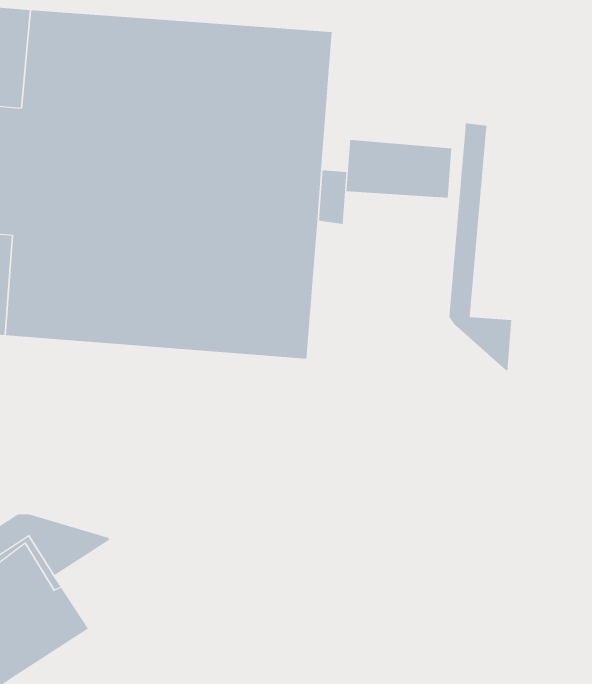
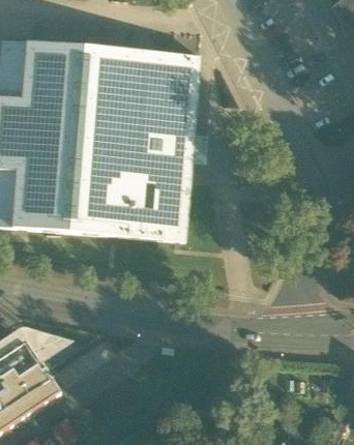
building: [449,123,512,371] -> none
building: [346,139,452,198] -> none

